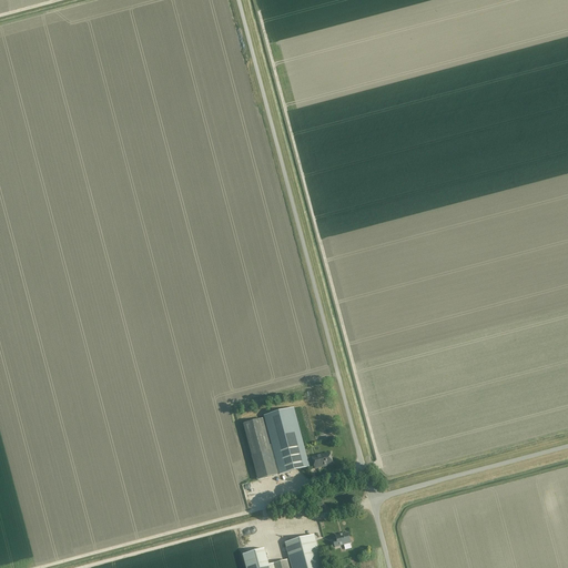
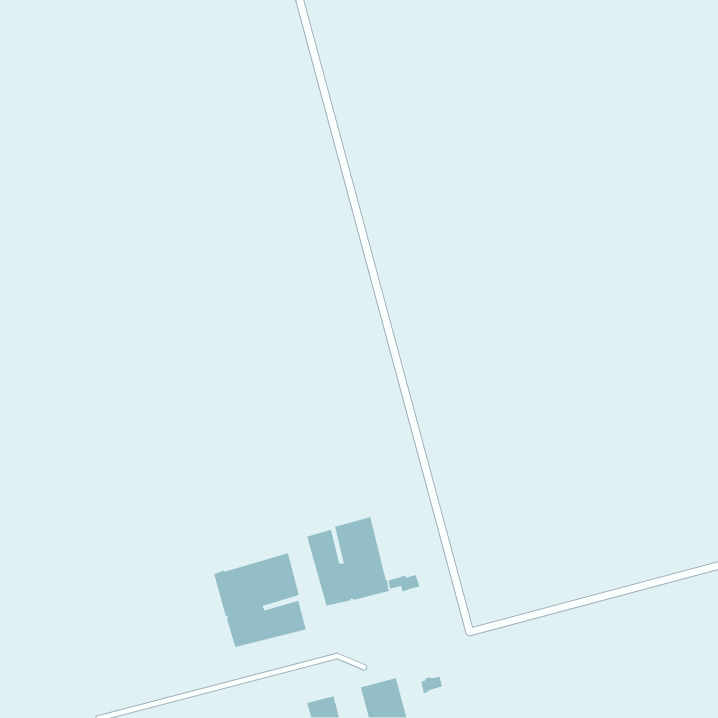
building: none -> [213,552,307,648]

